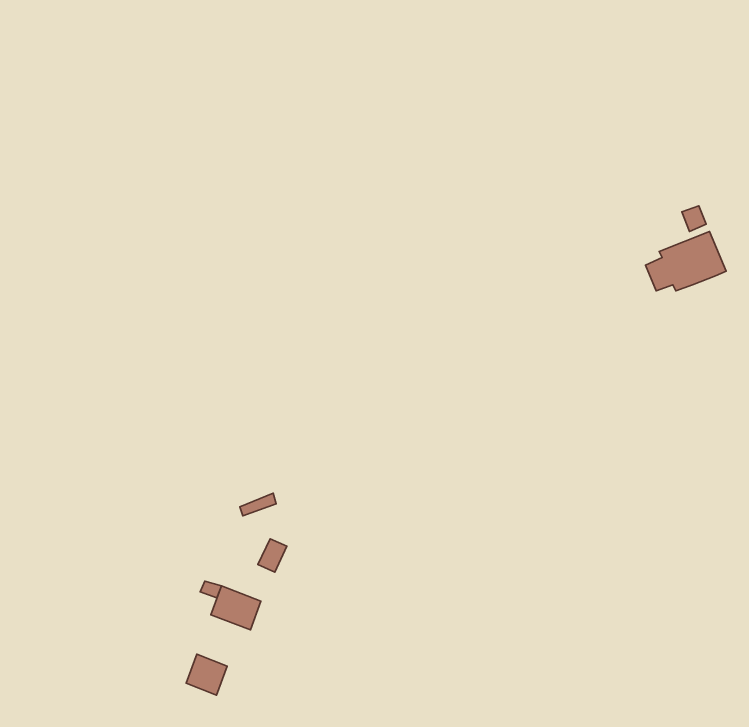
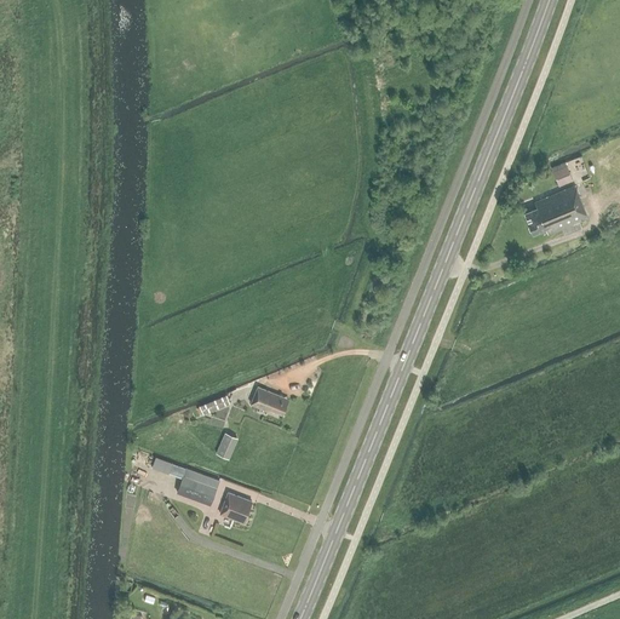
building: none -> [251,388,288,414]
building: [186,654,227,695] -> [218,492,251,525]

